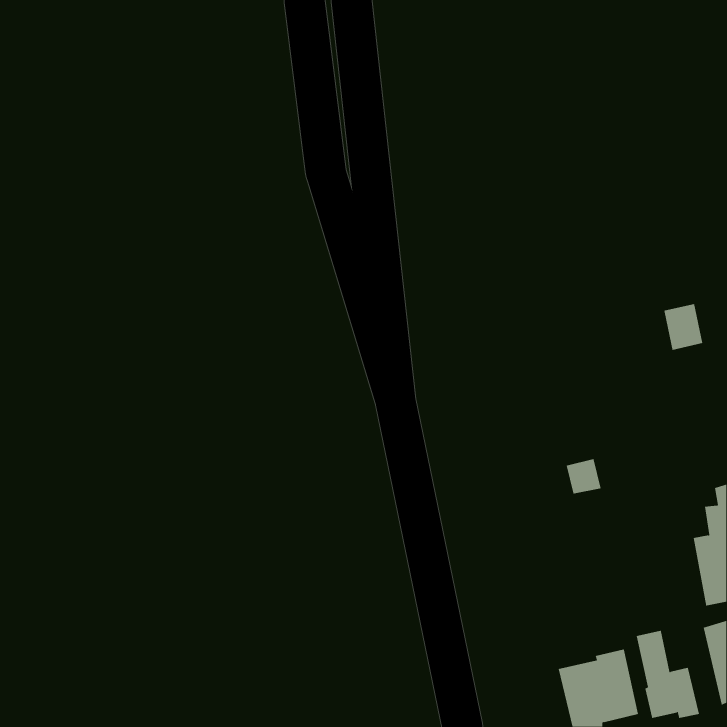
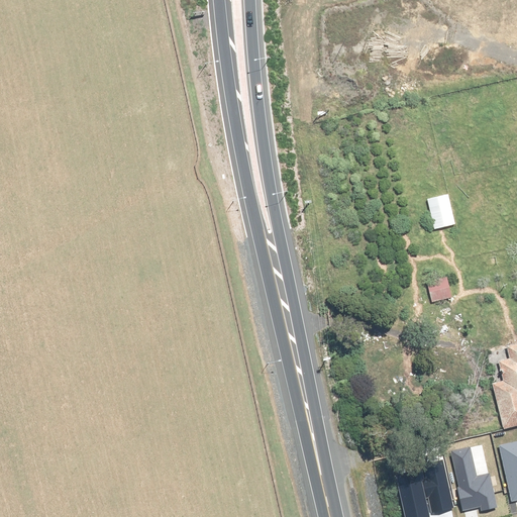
building: [663,303,703,350] -> [427,196,455,229]
building: [566,459,601,494] -> [427,278,452,303]

